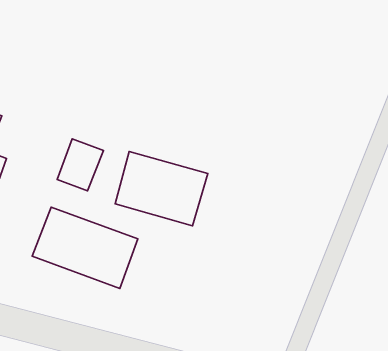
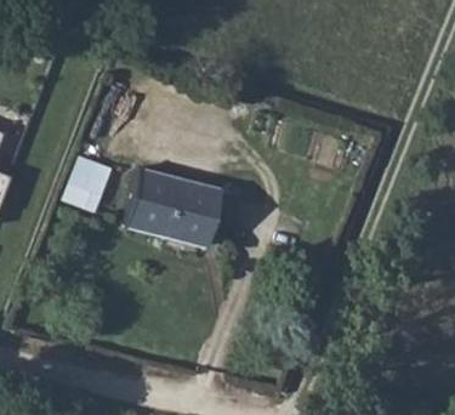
building: [32,207,138,289] -> none

